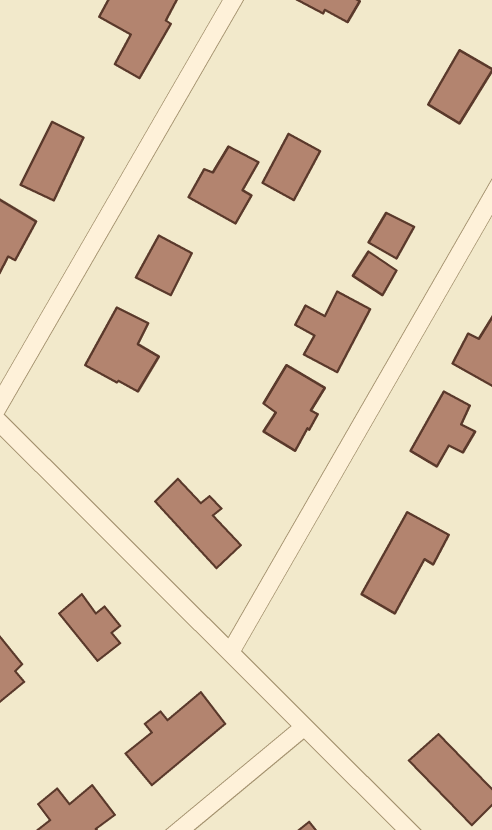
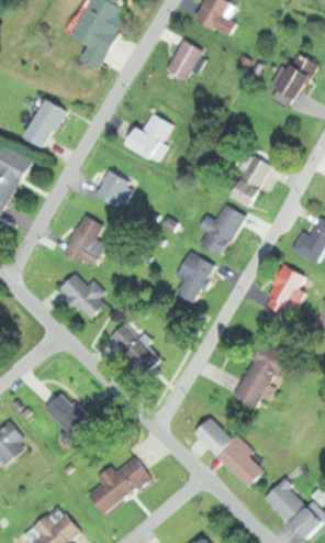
building: [262,134,320,200] -> [167,40,203,81]
building: none -> [59,273,104,319]
building: none -> [193,419,262,487]

